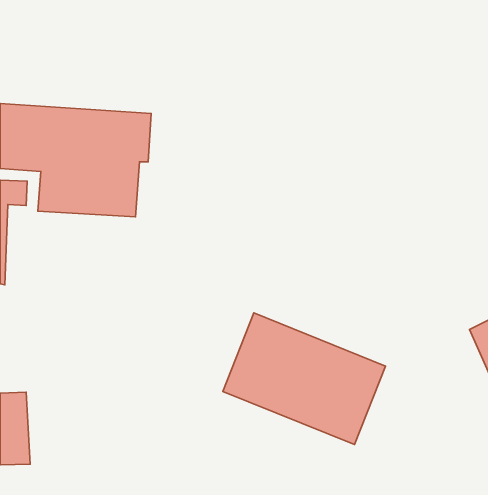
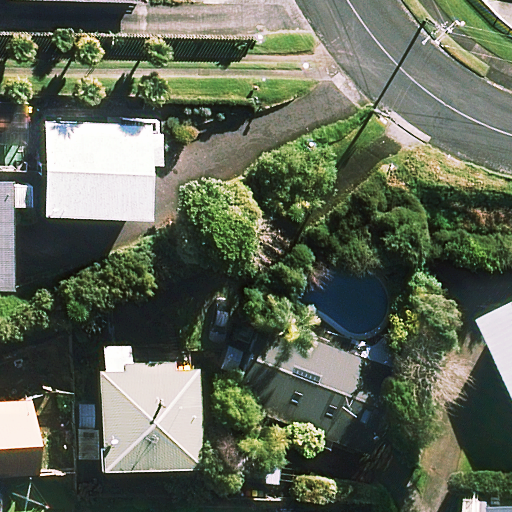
building: none -> [84,350,199,473]

